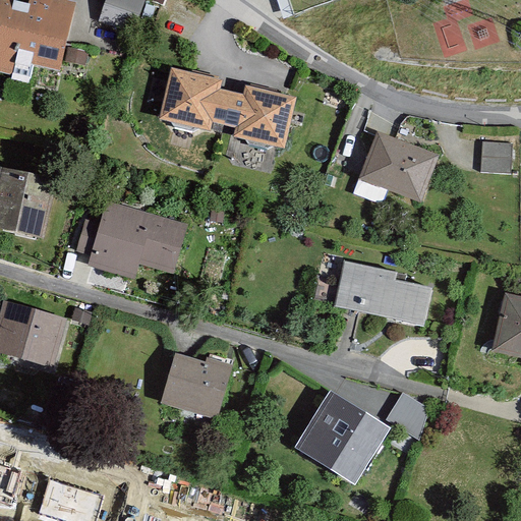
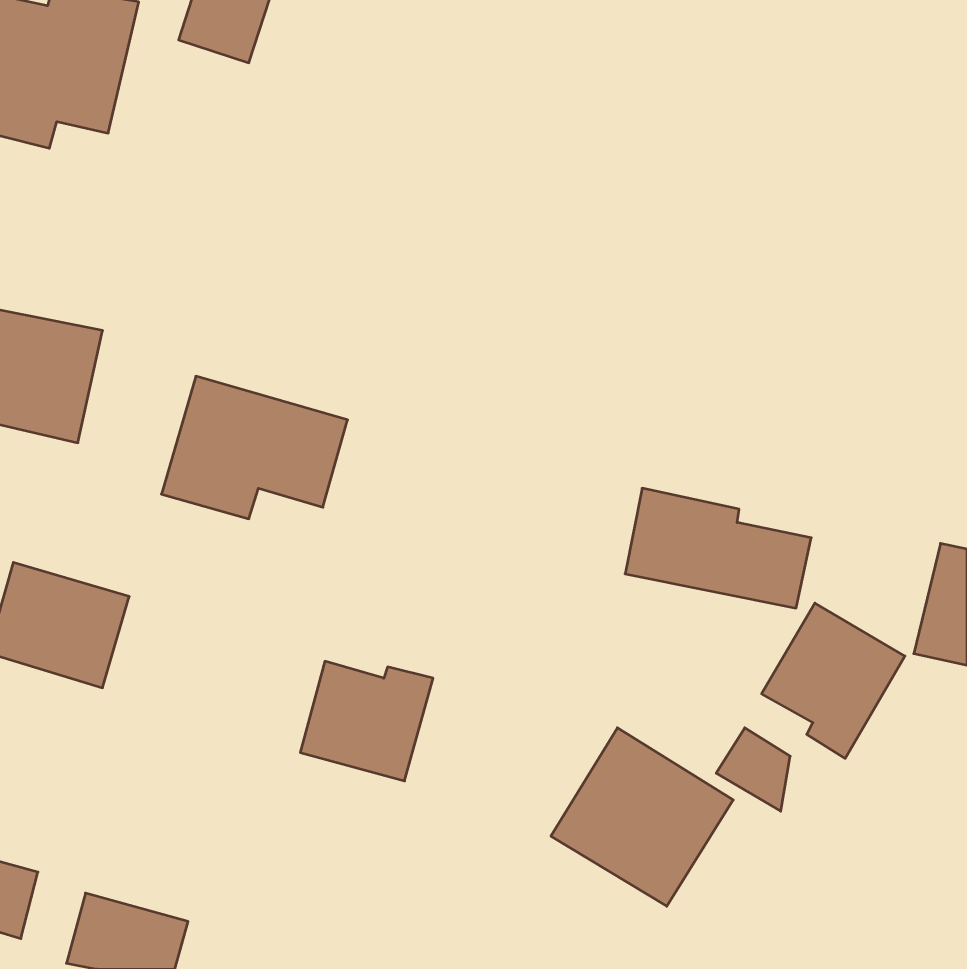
building: [158,67,294,149] -> none
building: [357,130,437,200] -> none
building: [480,142,511,173] -> none
building: none -> [762,603,905,758]

